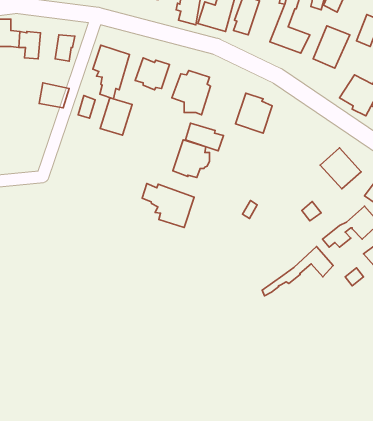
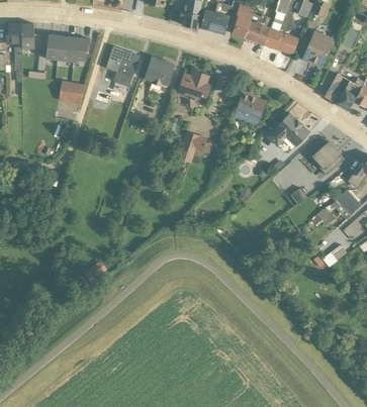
building: none -> [245,12,271,43]
building: none -> [59,35,77,61]
building: [100,98,132,135] -> none
building: none -> [267,112,309,145]
building: [185,123,224,151] -> none
building: [142,183,194,228] -> none
building: [262,247,333,296] -> none

